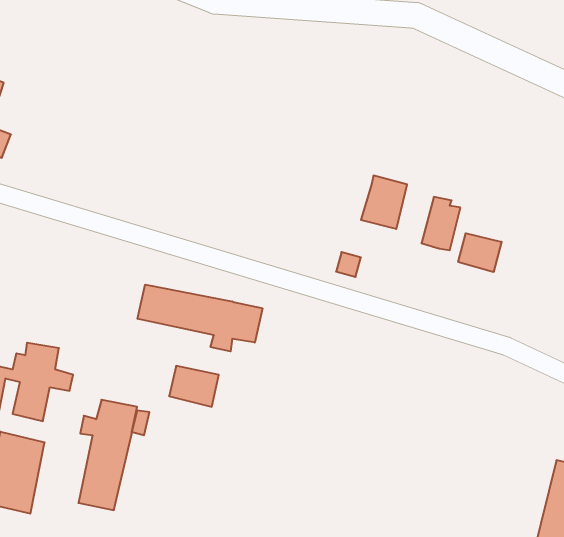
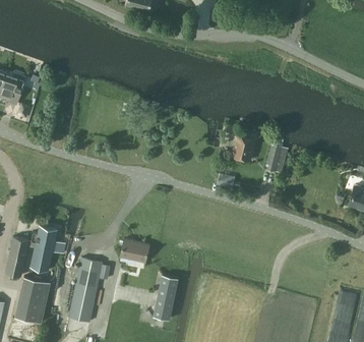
building: [458,233,502,272] -> none
building: [138,285,262,351] -> none
building: none -> [153,275,178,321]

